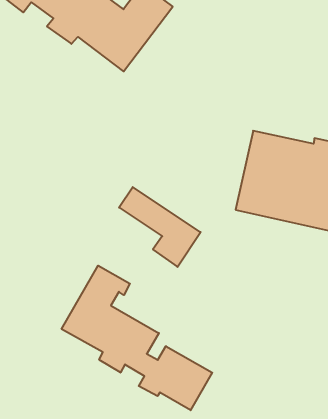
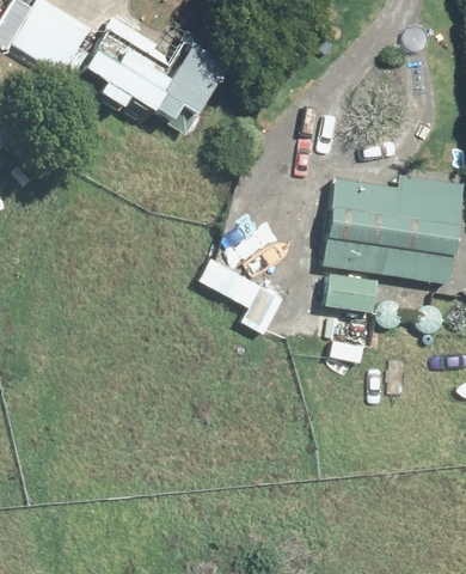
building: none -> [324,269,384,315]
building: [62,266,212,410] -> none

